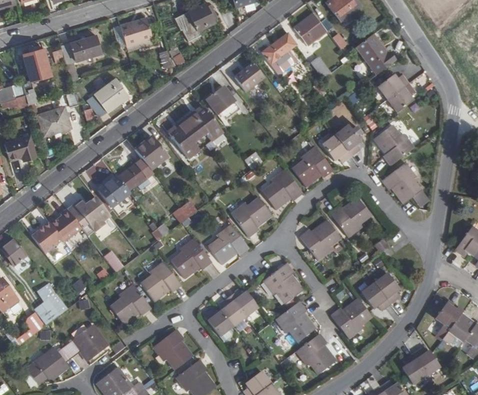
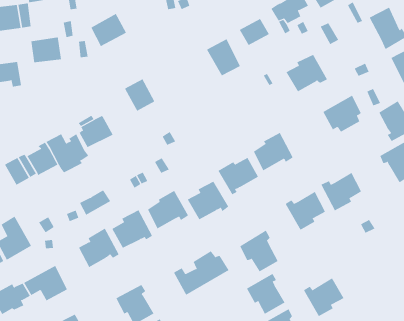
building: [166,106,222,160] -> none
building: [293,145,334,183] -> [286,54,328,92]
building: [117,160,152,193] -> none
building: [361,273,399,309] -> none

